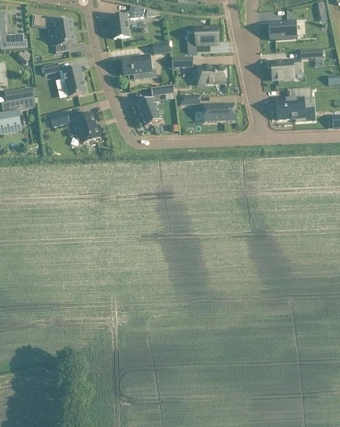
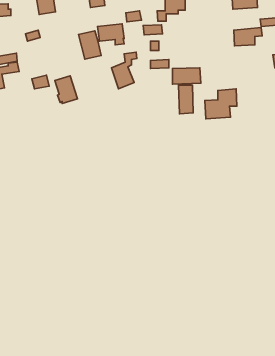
building: [61,65,86,96] -> [78,31,101,59]
building: [196,65,225,84] -> none
building: [276,86,311,119] -> [205,89,237,119]
building: none -> [179,85,193,114]

